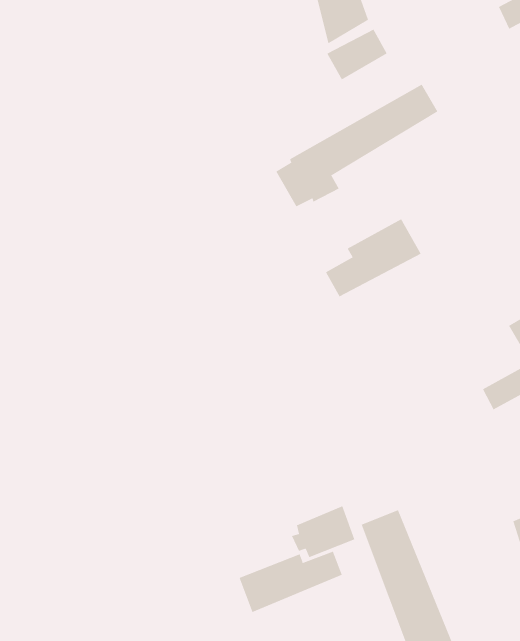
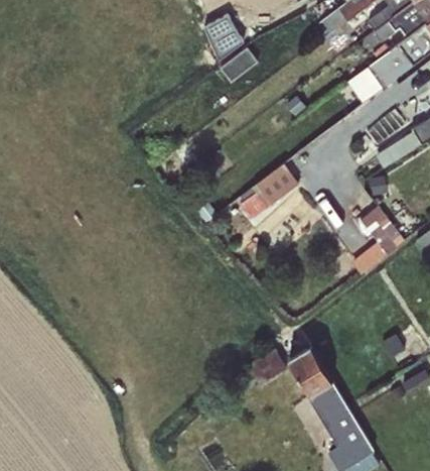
building: [276,84,438,207] -> none
building: [239,551,342,613] -> none

